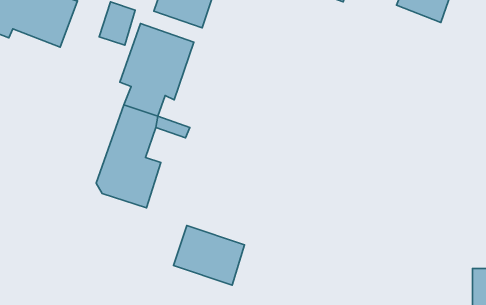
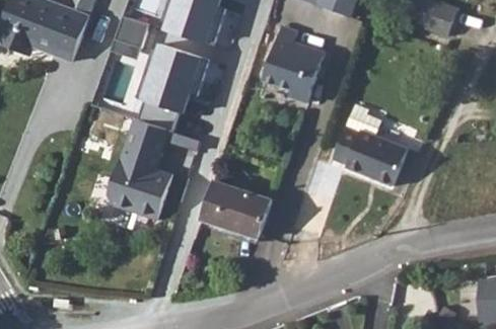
building: none -> [263,26,325,103]
building: none -> [332,105,408,186]
building: [173,225,244,285] -> [201,180,271,239]

